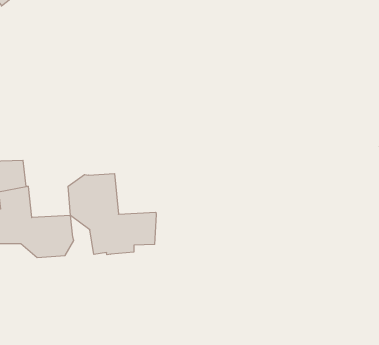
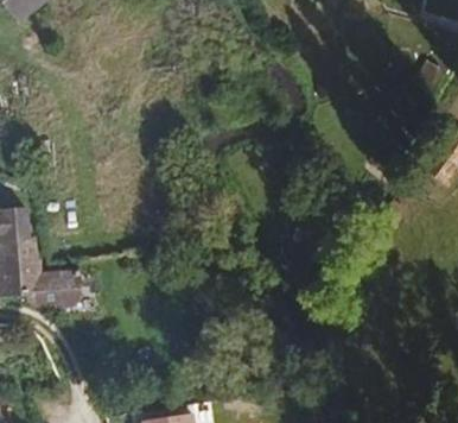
building: [68,174,156,255] -> none

